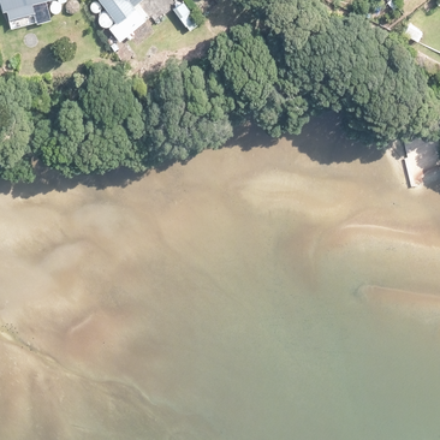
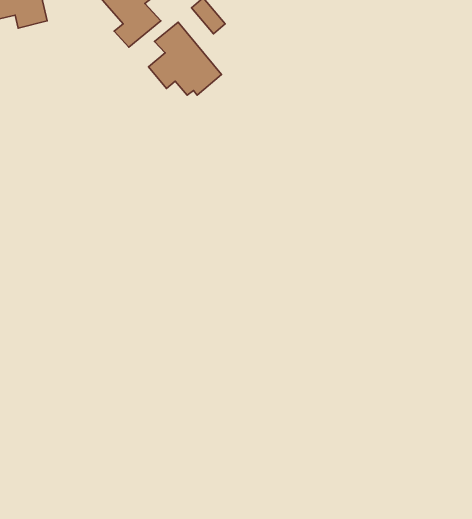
building: none -> [149,22,221,95]

